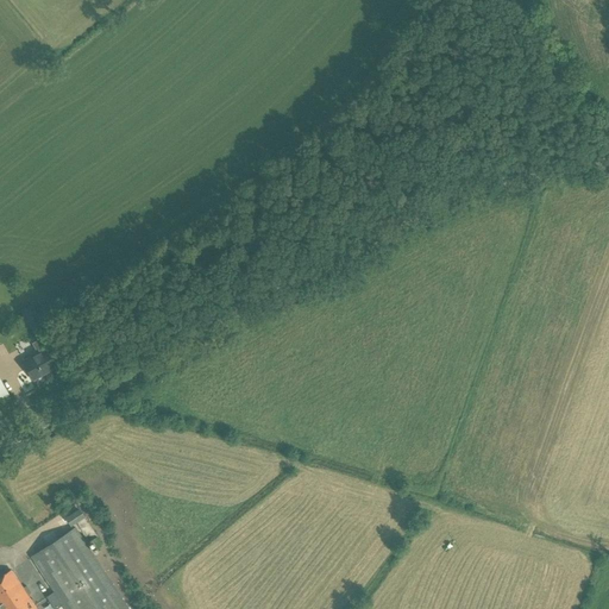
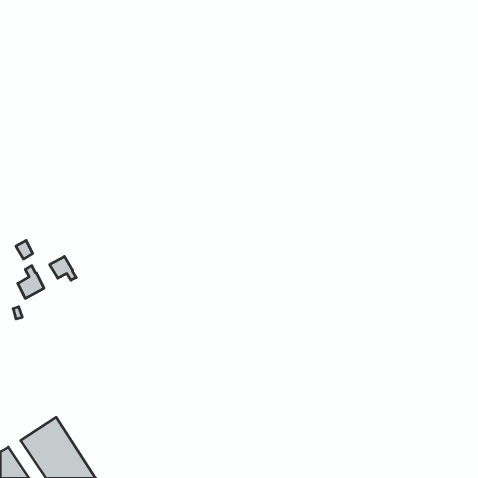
building: none -> [50,256,76,280]

